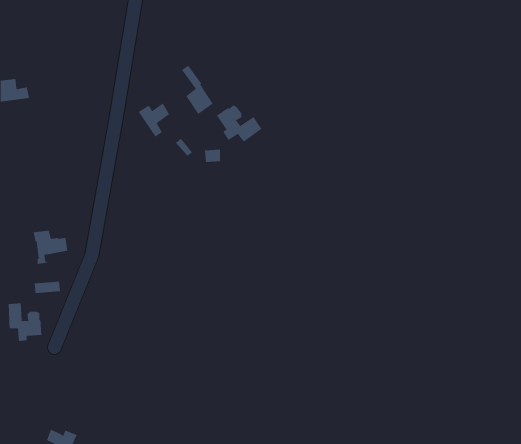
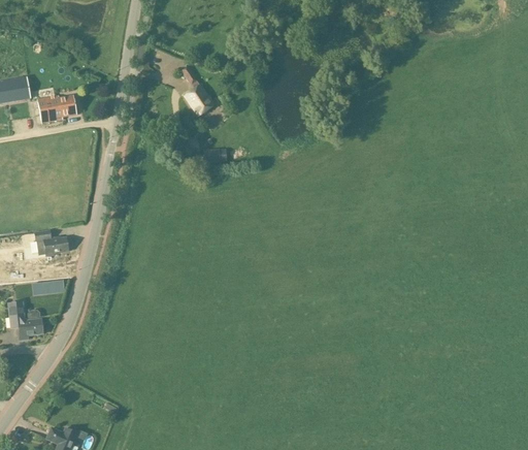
building: none -> [37,94,76,122]
building: [138,102,170,138] -> none
building: [216,105,262,143] -> none

